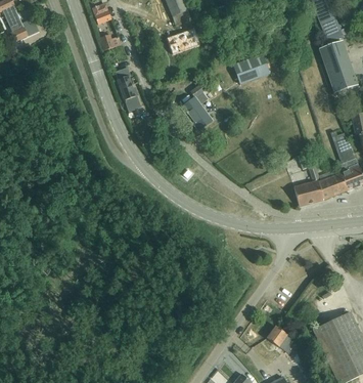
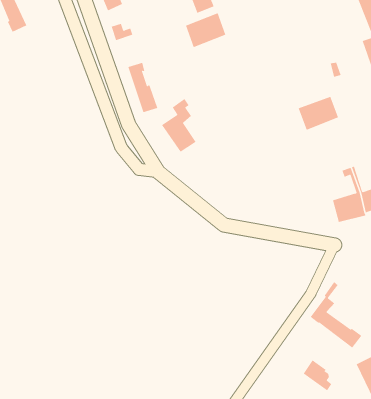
building: [234,54,270,84] -> [298,96,339,131]
building: [181,83,212,130] -> [161,98,197,152]
building: none -> [310,281,362,349]

